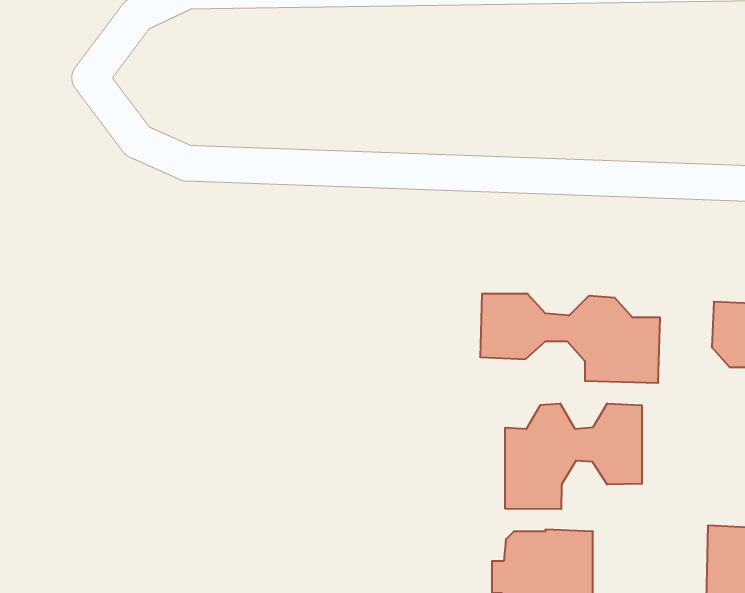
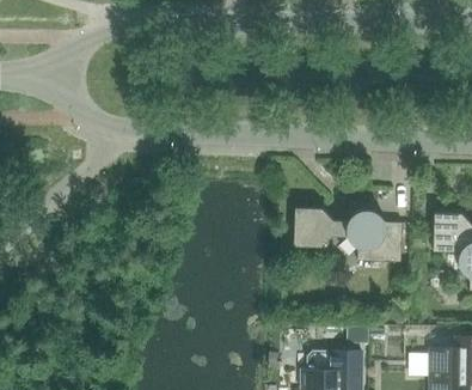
building: [505,403,642,509] -> none

